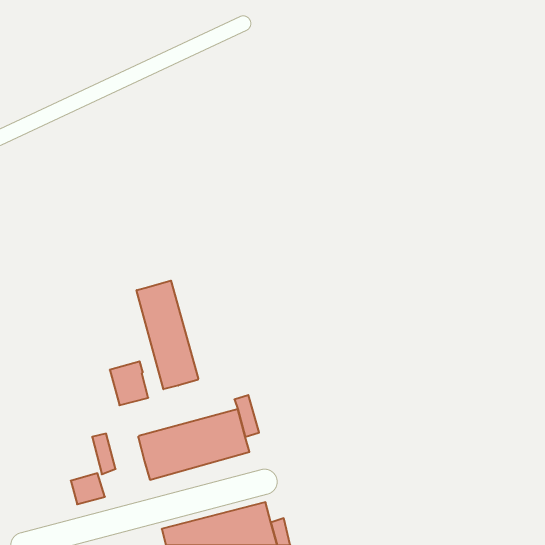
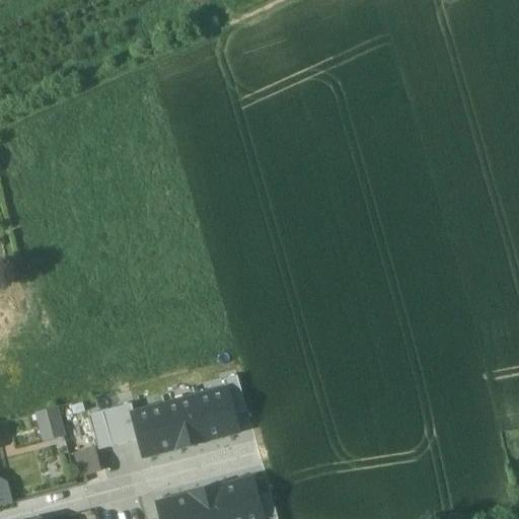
building: [137,281,198,389] -> none
building: [110,361,148,405] -> [100,402,137,444]
building: none -> [36,409,63,439]

